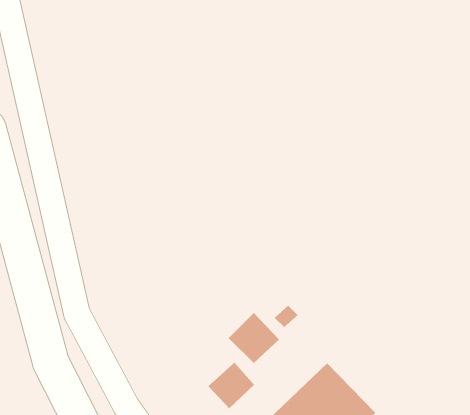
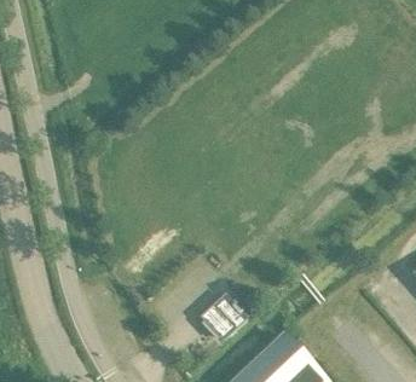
building: [208,362,255,409] -> none

